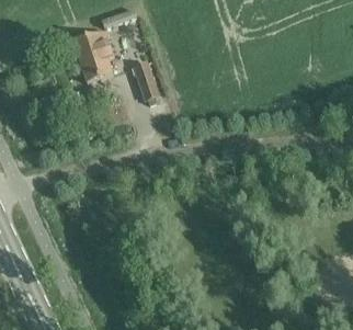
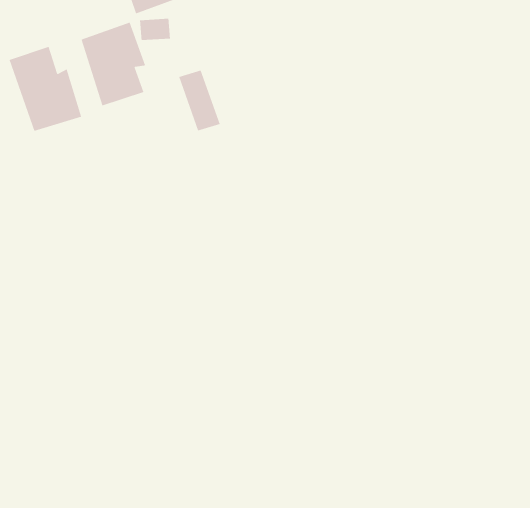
building: none -> [8,46,82,132]

